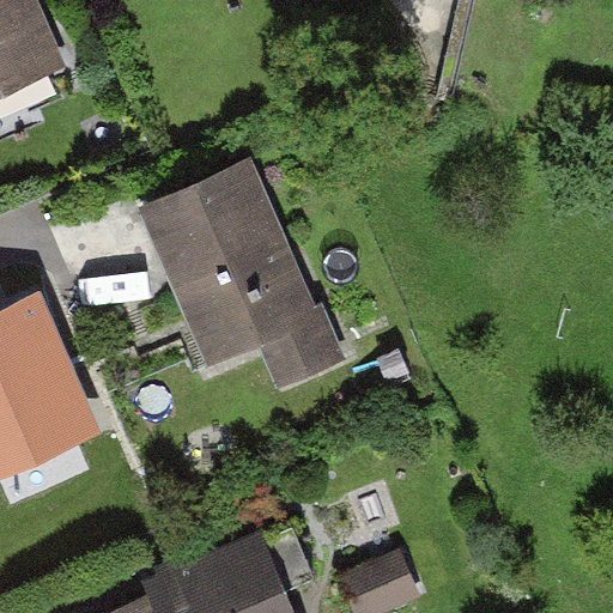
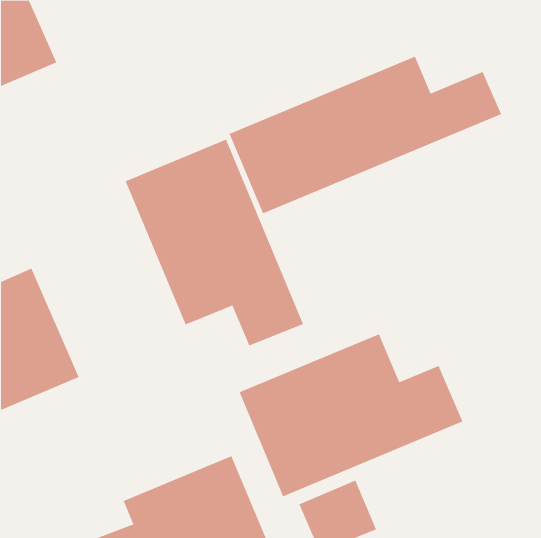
building: none -> [229,56,502,214]
building: none -> [239,333,463,497]

